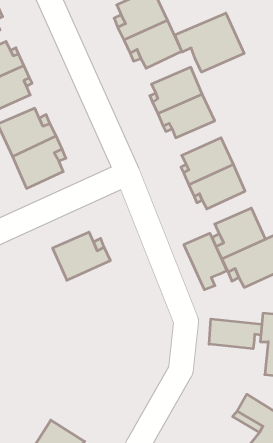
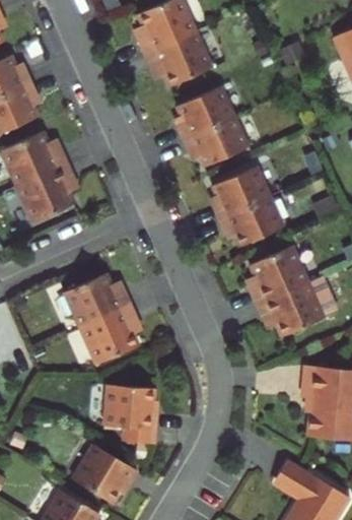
building: [175,13,244,72] -> none
building: [184,233,227,290] -> none
building: none -> [81,307,139,366]
building: [209,319,262,349] -> none
building: none -> [102,381,155,443]
building: none -> [73,443,138,503]

